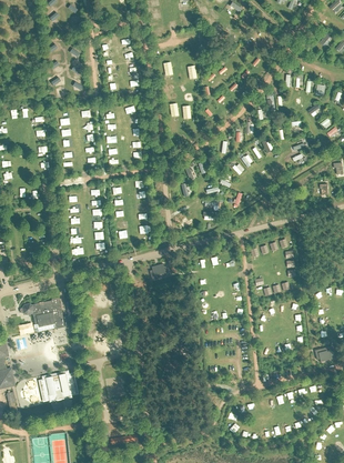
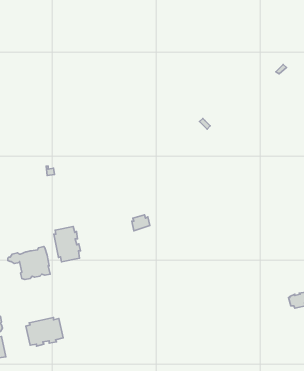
building: none -> [54,226,81,262]

